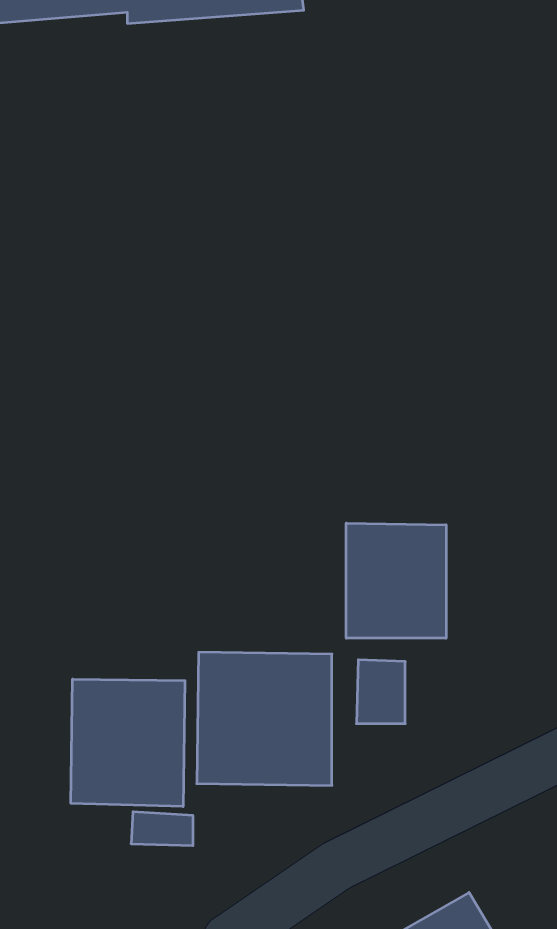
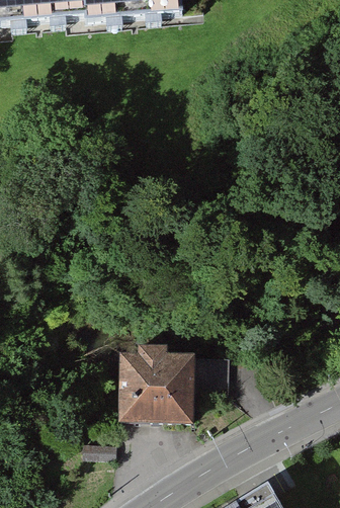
building: [346,523,446,638] -> none
building: [71,679,185,807] -> none

